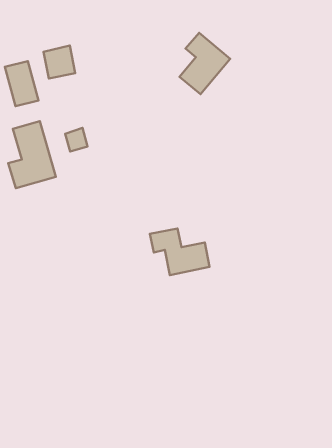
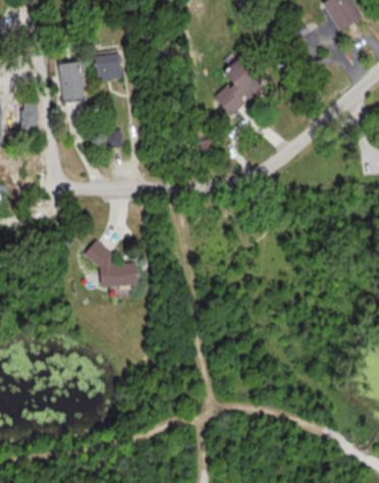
building: [8,121,56,188] -> none
building: [150,229,210,275] -> [89,247,138,287]

